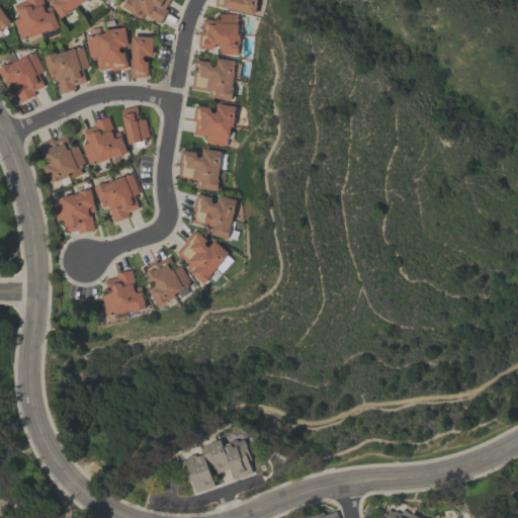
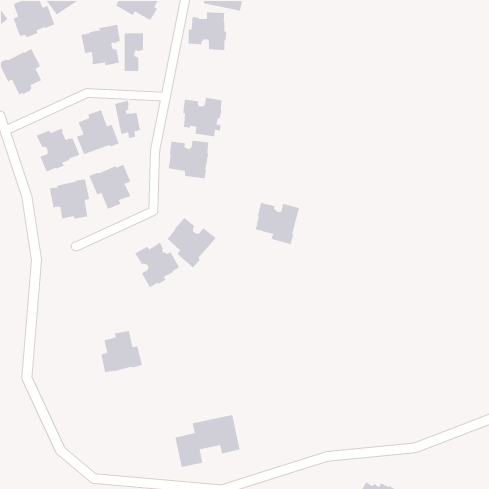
building: [44,47,89,94] -> none
building: [192,58,236,100] -> none
building: [190,193,238,239] -> [255,202,300,245]
building: [102,270,147,316] -> [101,330,143,373]

